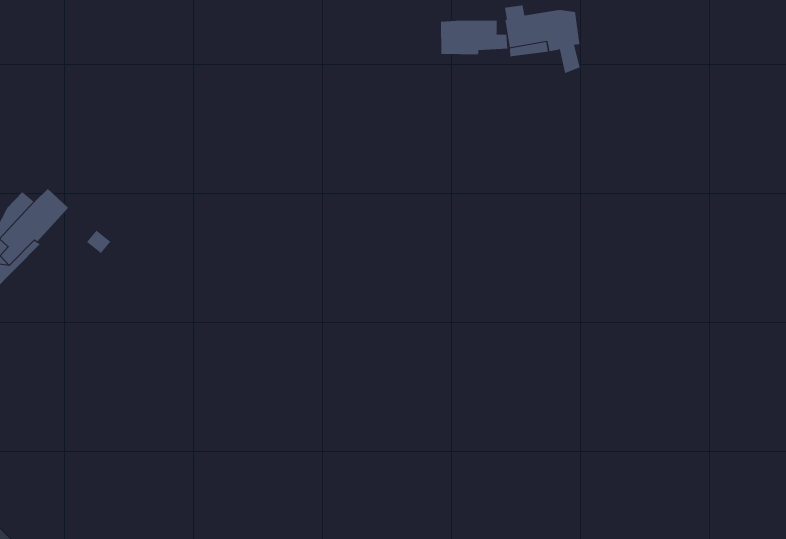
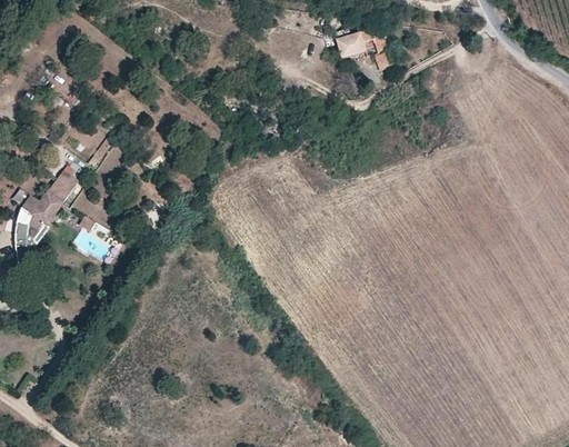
building: [441,20,508,55] -> none
building: none -> [48,172,78,202]

